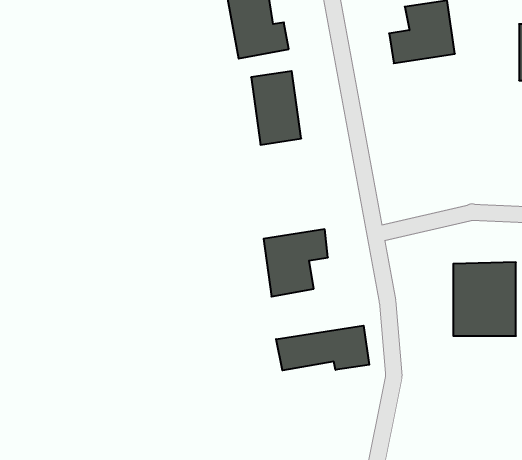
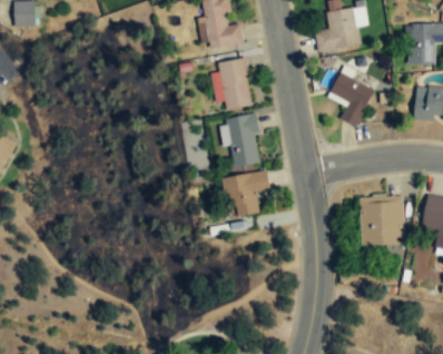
building: none -> [329,73,374,126]
building: none -> [219,114,262,167]
building: [276,326,369,370] -> none

